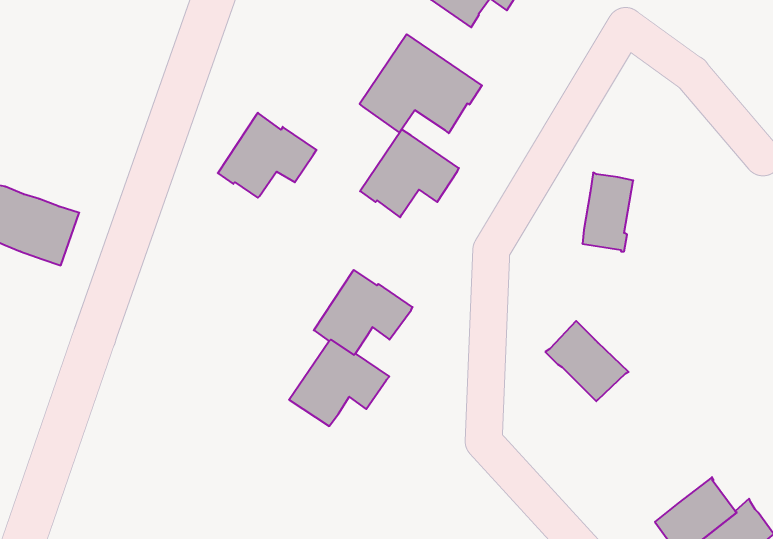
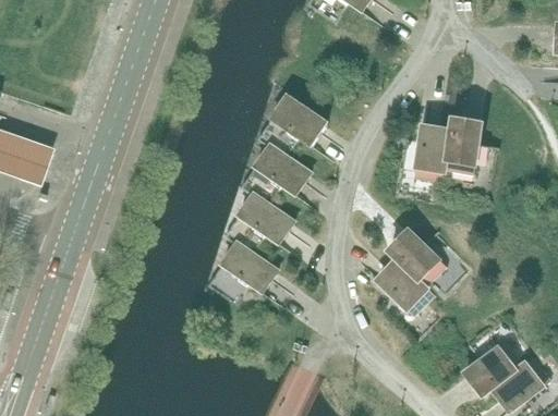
building: [360,34,482,133] -> none
building: [218,113,317,198] -> [240,144,310,204]
building: none -> [442,118,481,173]
building: none -> [376,259,434,314]

